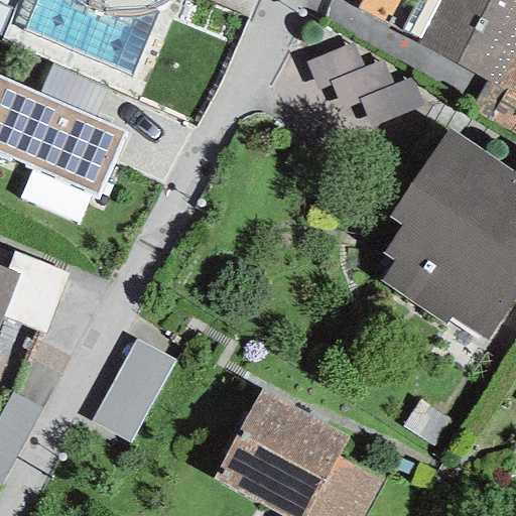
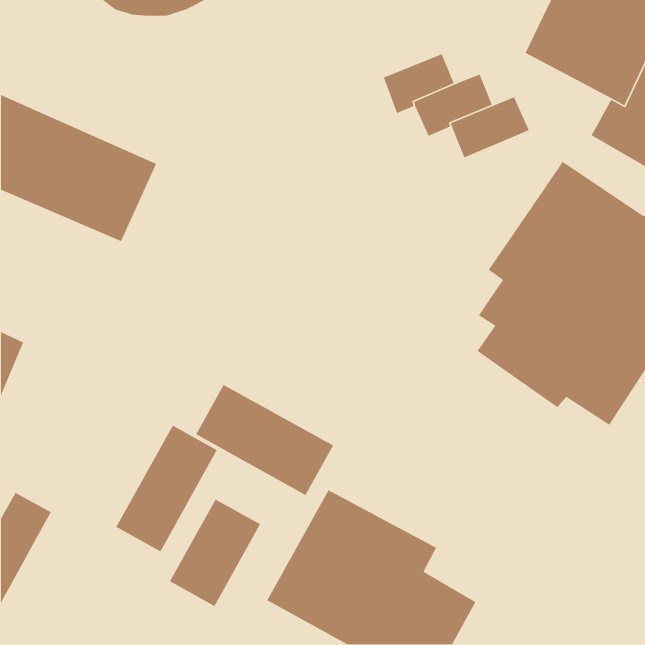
building: none -> [195,384,334,496]
building: none -> [169,498,261,607]

